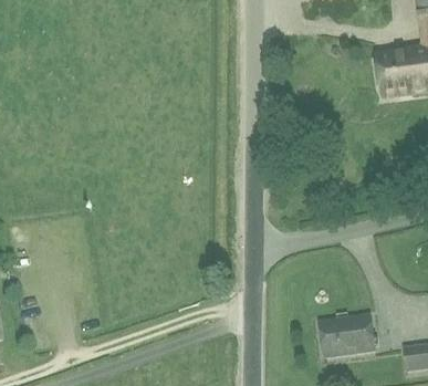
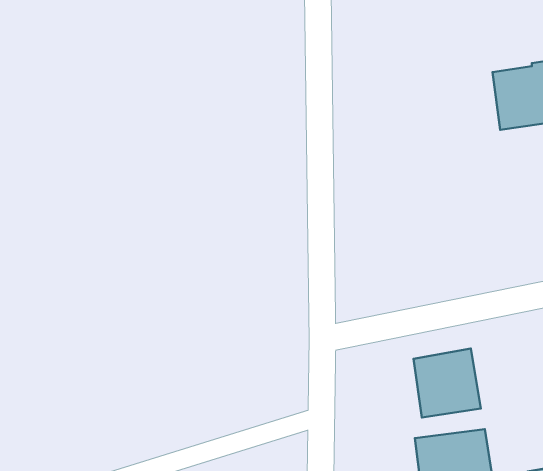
building: none -> [413,349,481,417]

